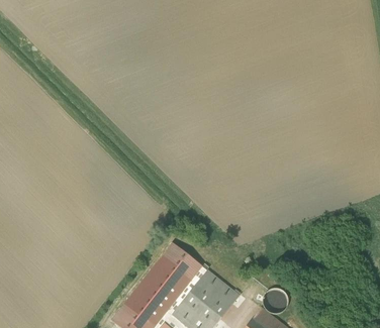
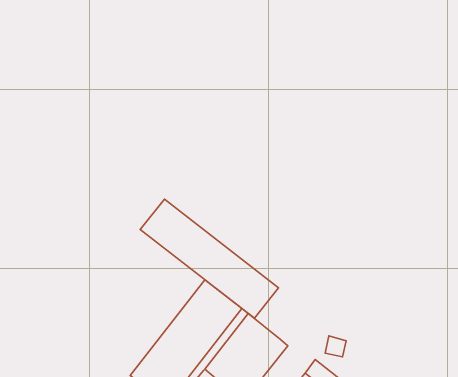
building: none -> [140,199,278,318]

